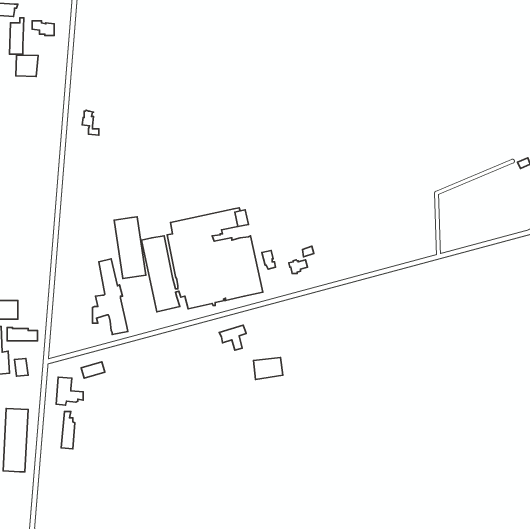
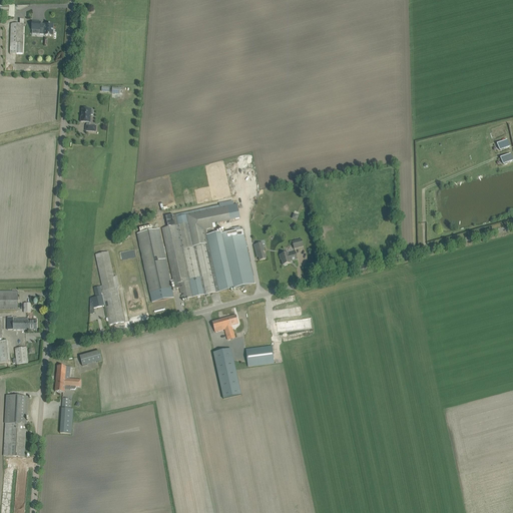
building: [16,55,38,77] -> none
building: [114,217,146,279] -> none
building: none -> [212,347,240,397]

